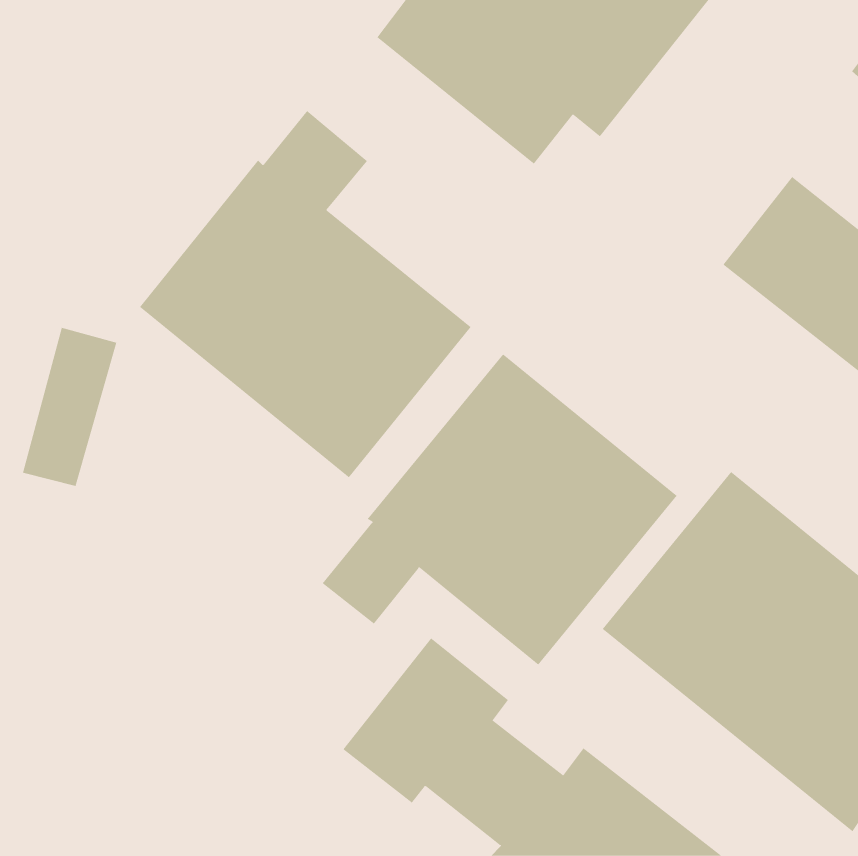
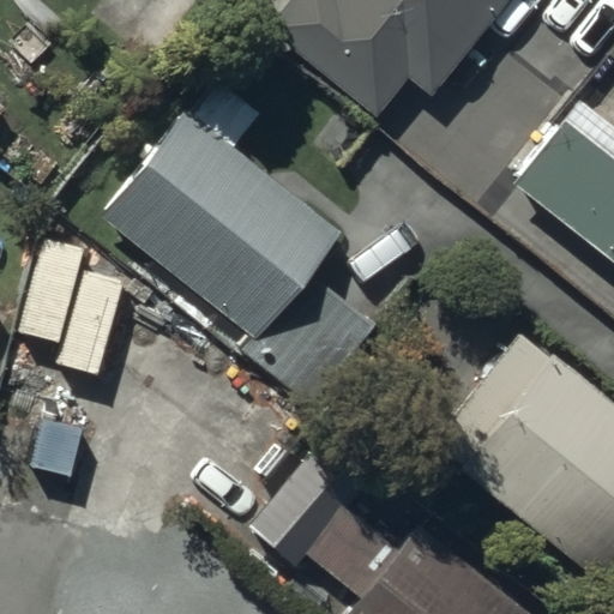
building: [322,354,677,666] -> none

